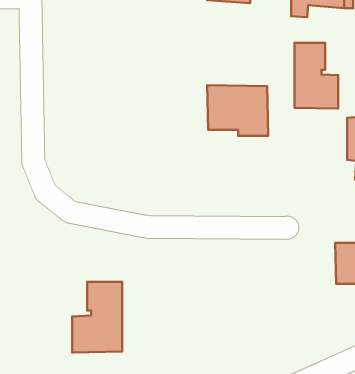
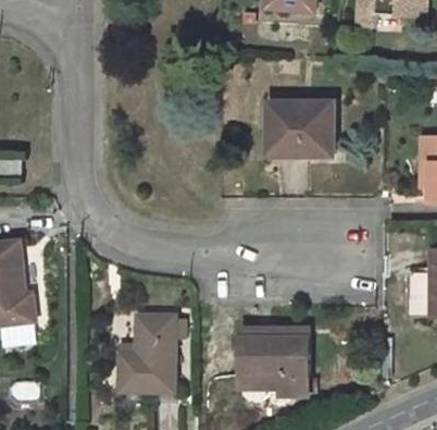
building: [294,43,338,109] -> none
building: none -> [241,328,308,401]

